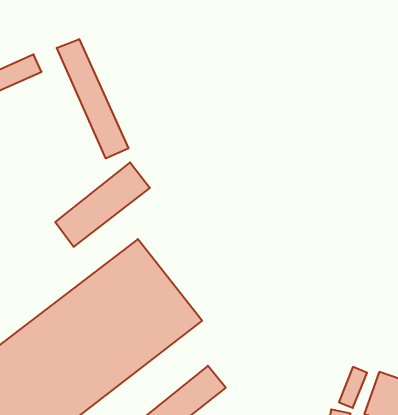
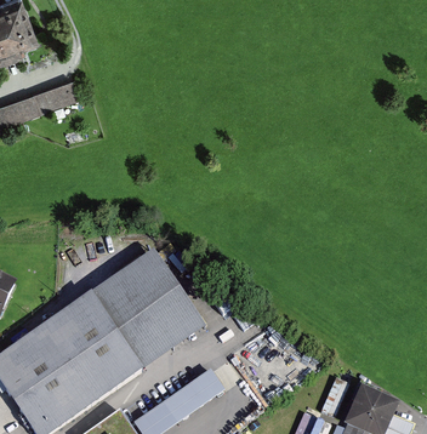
building: [57,39,128,158] -> none
building: [55,162,150,247] -> none

